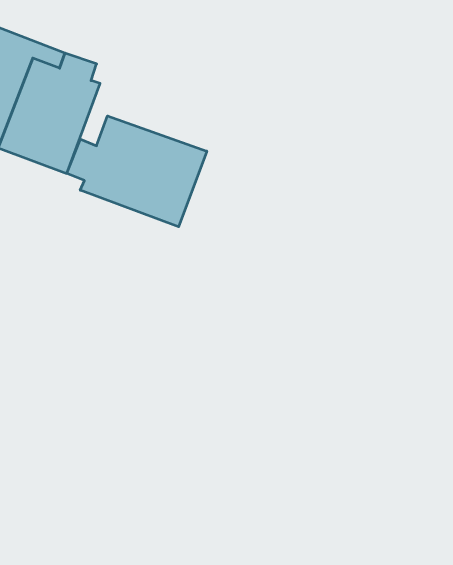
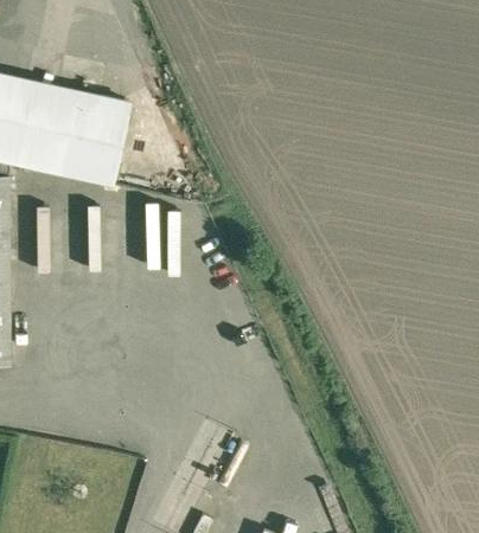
building: [67,116,207,227] -> none

